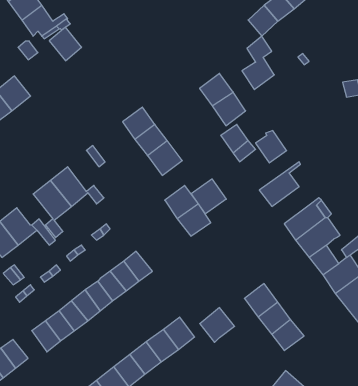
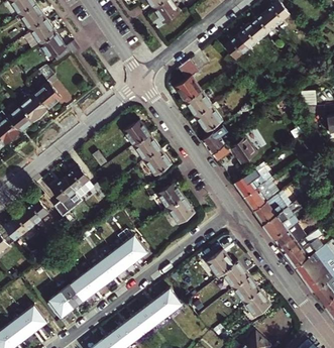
building: [49,27,82,61] -> [35,81,62,108]
building: [242,36,274,90] -> [176,59,202,102]
building: [191,179,226,214] -> none
building: none -> [244,182,274,212]
building: [200,308,235,342] -> [206,248,234,276]

